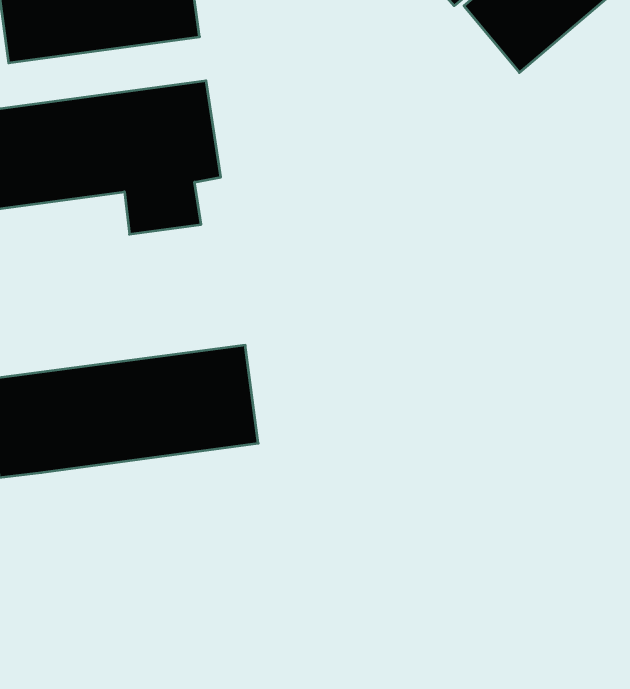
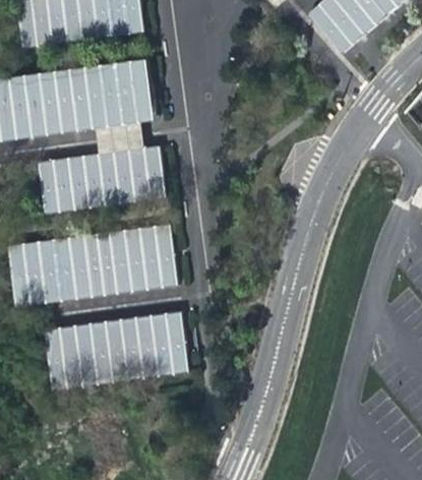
building: none -> [39,146,166,214]
building: none -> [45,311,188,392]

